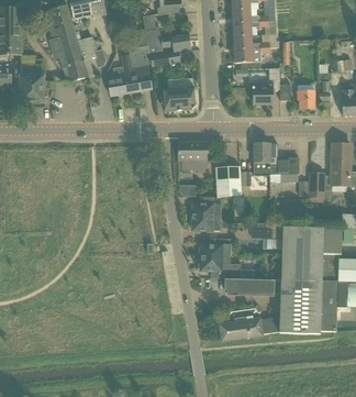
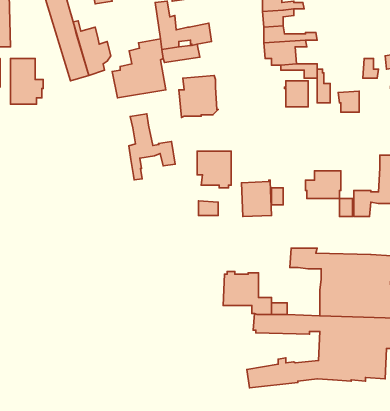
building: none -> [129,114,175,180]
building: [253,143,278,176] -> none
building: [192,197,221,230] -> none

